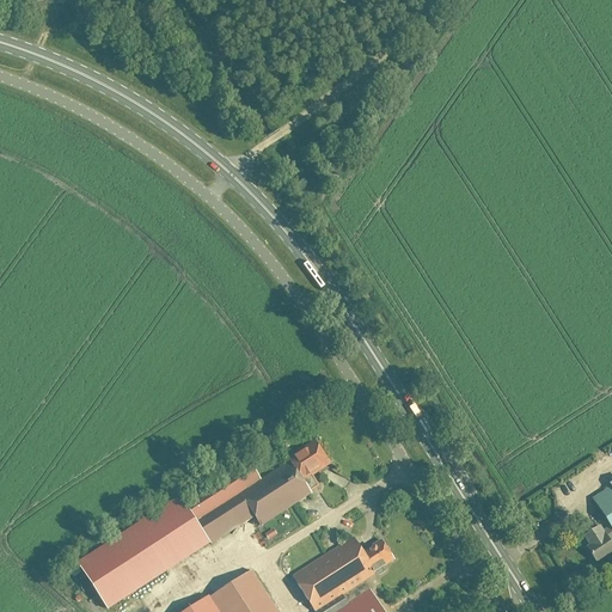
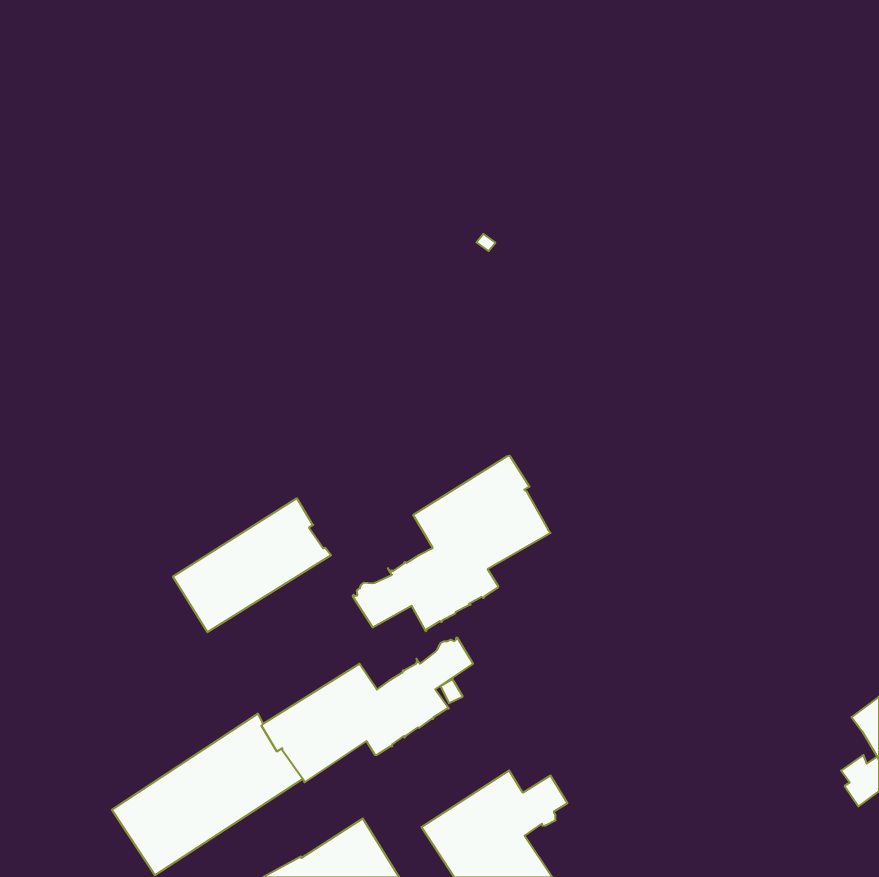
building: none -> [353,456,551,631]
building: none -> [173,498,331,632]

